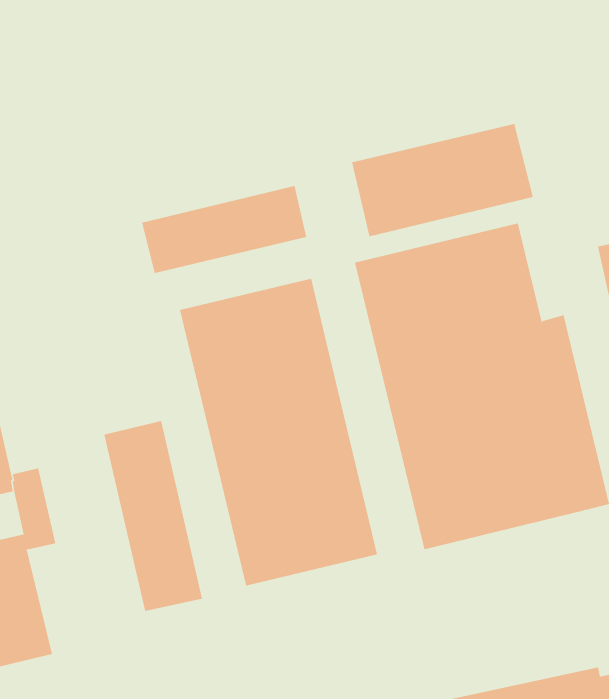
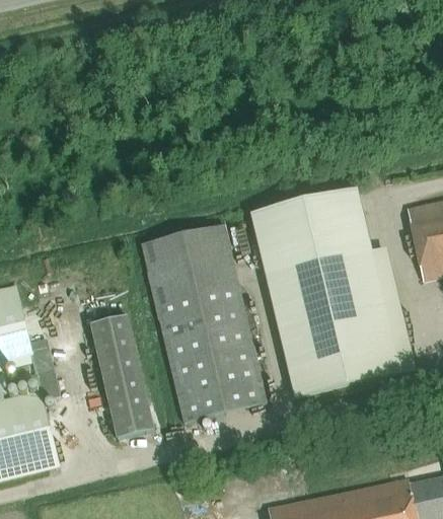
building: [352,123,533,237] -> none
building: [141,185,307,274] -> none

